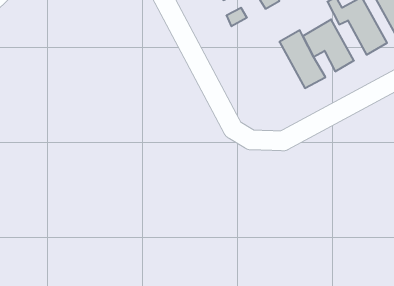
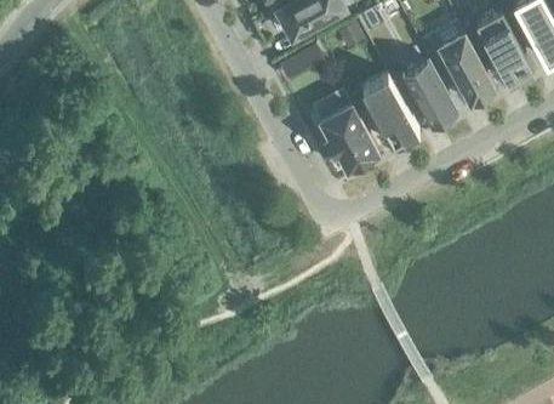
building: none -> [313,91,379,172]

